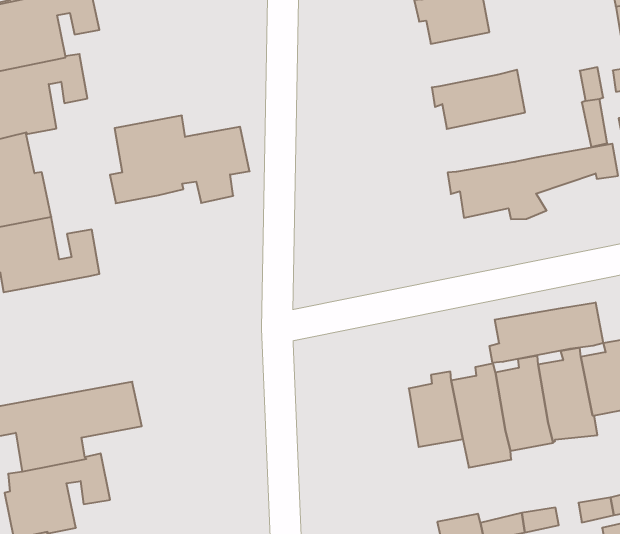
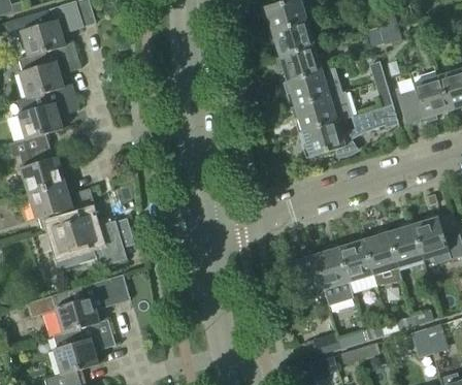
building: none -> [275,46,321,82]
building: none -> [290,92,350,131]
building: [110,116,250,203] -> [52,215,134,270]
building: [489,302,603,363] -> none

